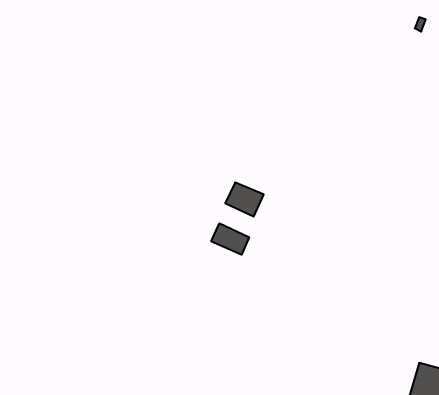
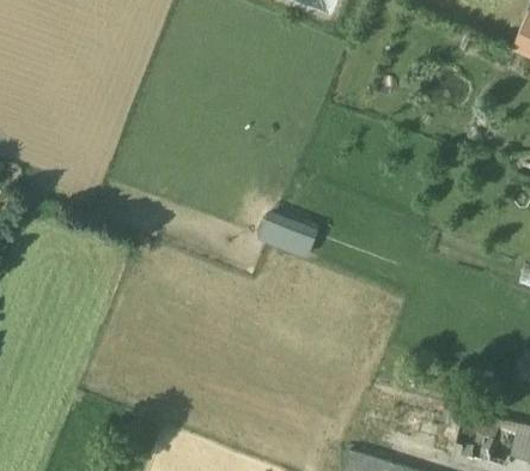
building: [211,223,249,255] -> none

